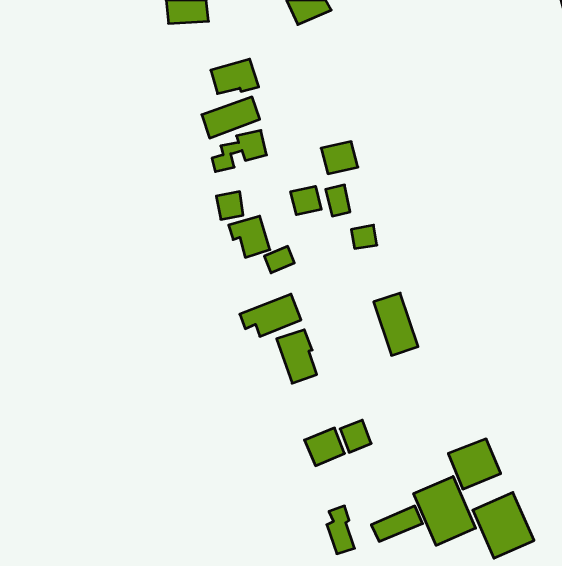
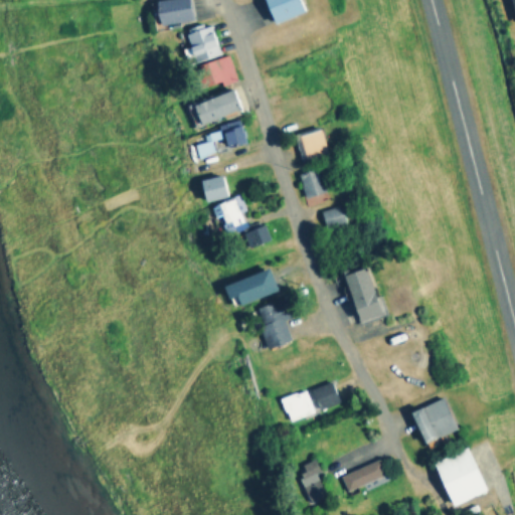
building: none -> [189,24,221,62]
building: [291,186,321,215] -> none
building: [414,476,476,545] -> none

